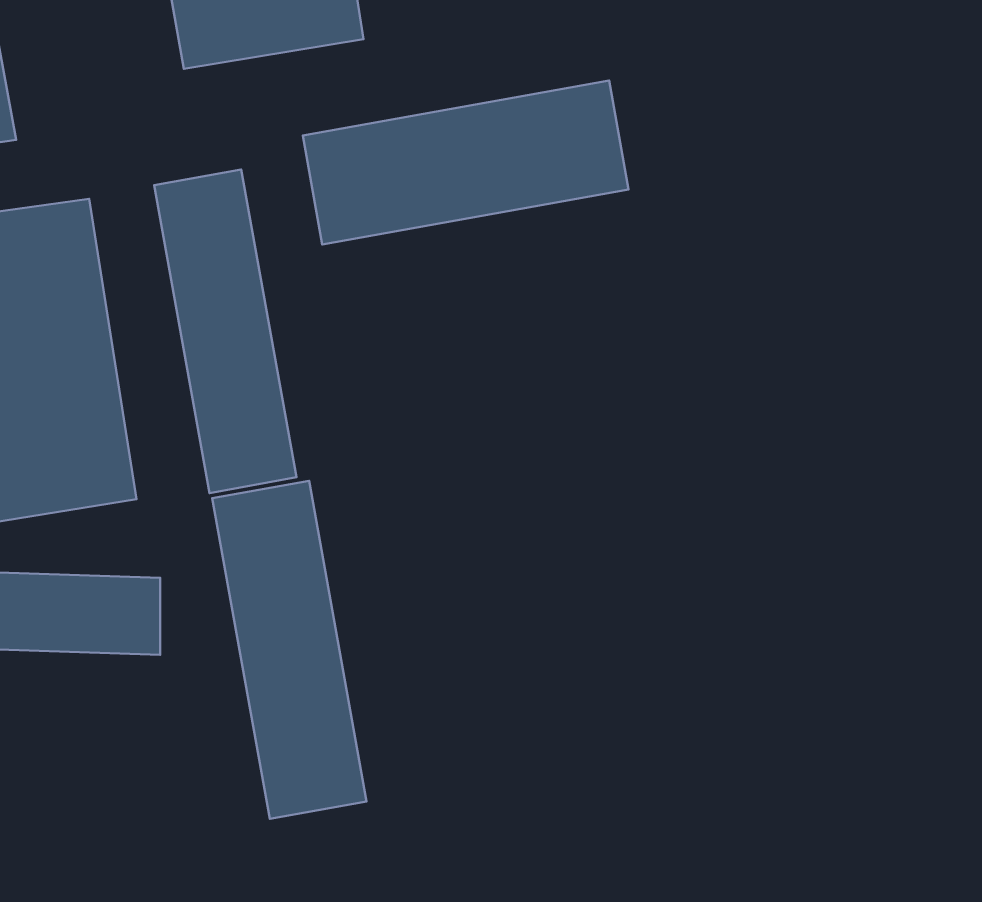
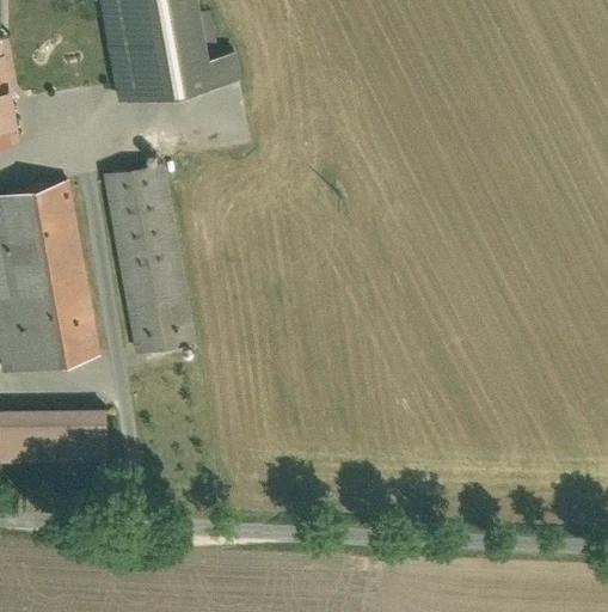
building: [303,80,628,244] -> none
building: [212,481,367,819] -> none

